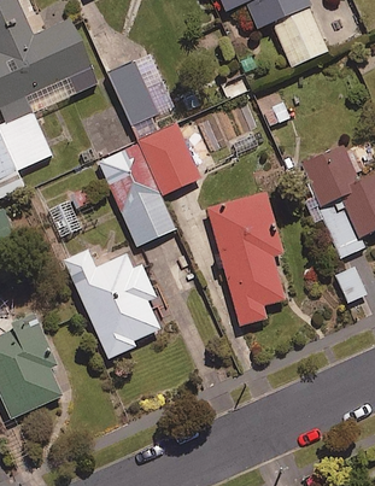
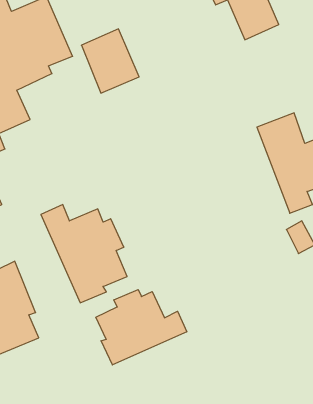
building: [98,125,200,246] -> none
building: [207,192,285,324] -> none
building: none -> [96,290,187,365]

